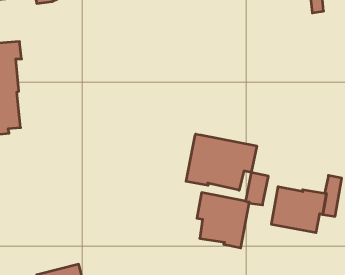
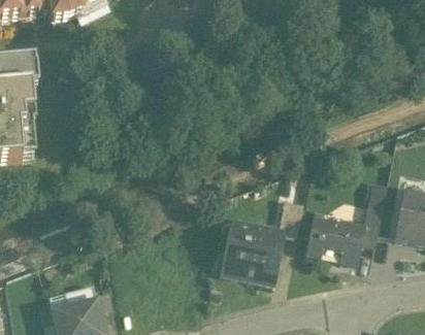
building: [186,134,257,190] -> none

